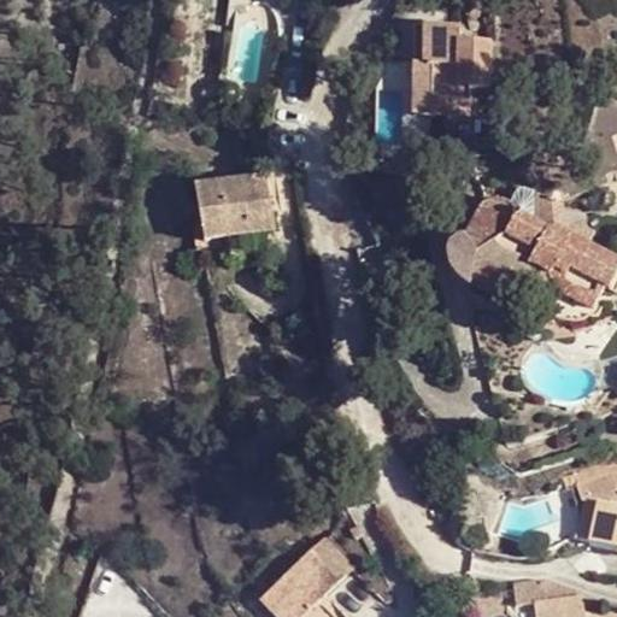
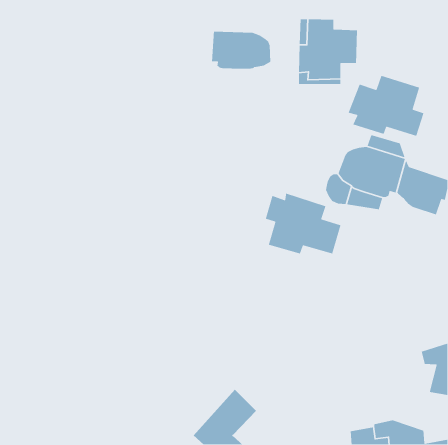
building: none -> [211,31,271,69]
building: none -> [347,75,424,137]
building: [192,172,275,241] -> none
building: none -> [265,192,342,254]

